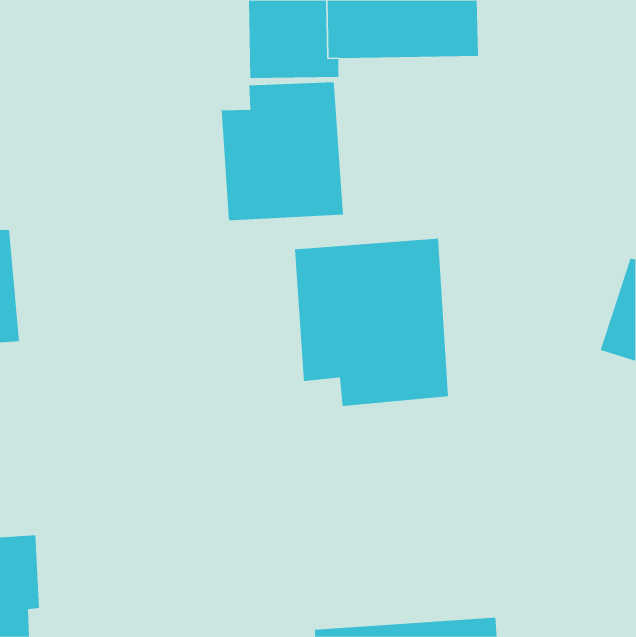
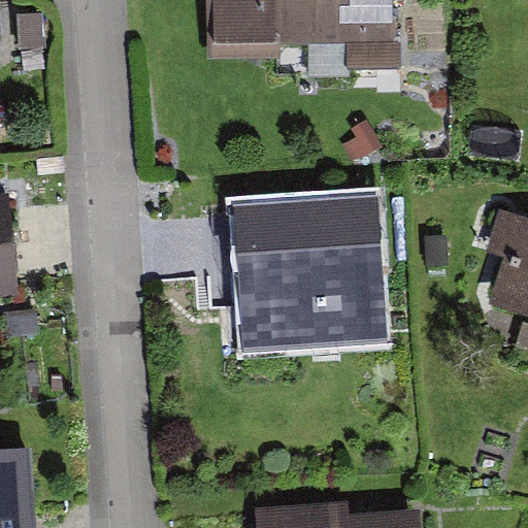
building: [221,82,344,221] -> none

